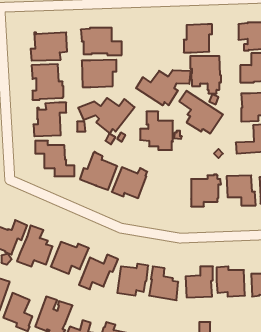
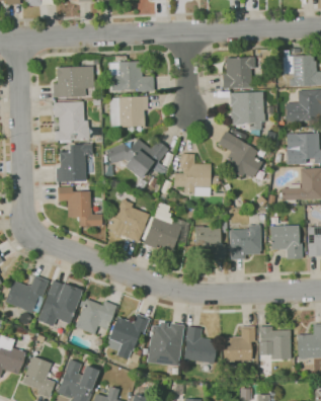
building: [136,70,190,105] -> none
building: none -> [195,226,227,259]

